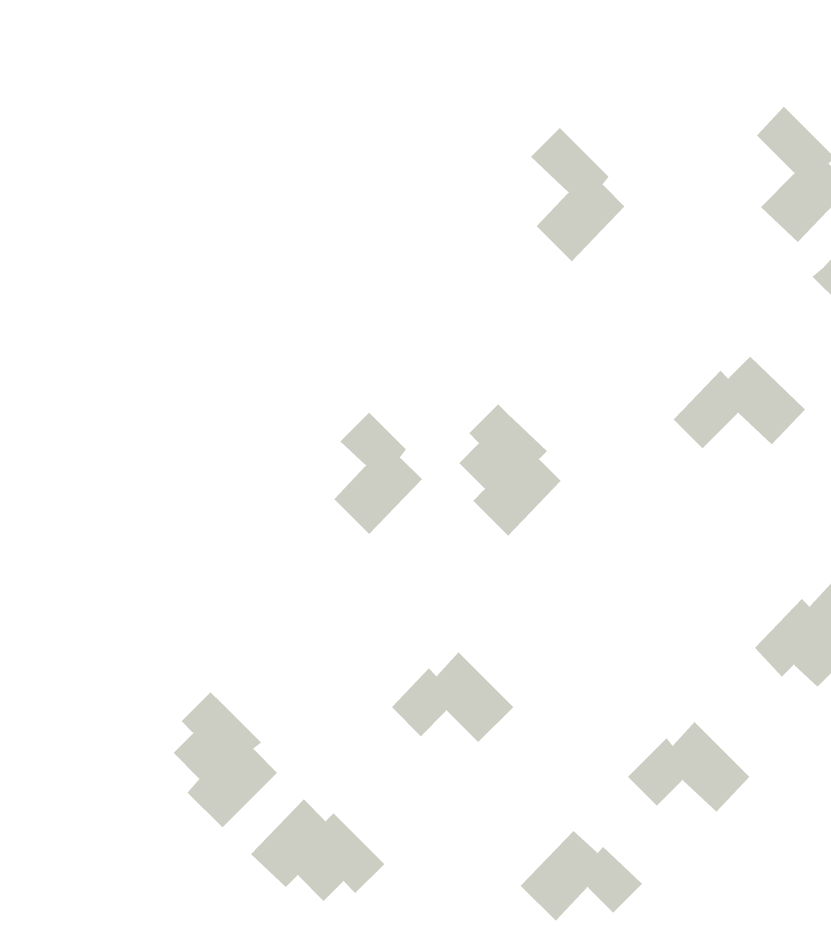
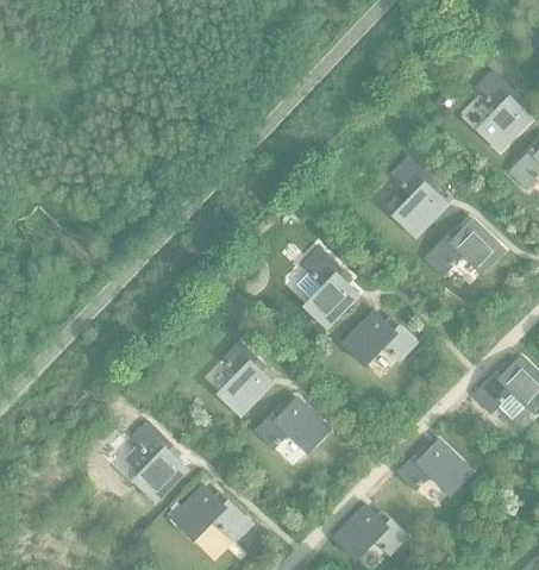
building: [530,127,625,262] -> [389,156,446,237]
building: [334,412,423,535] -> [218,342,271,415]
building: none -> [340,309,415,364]

